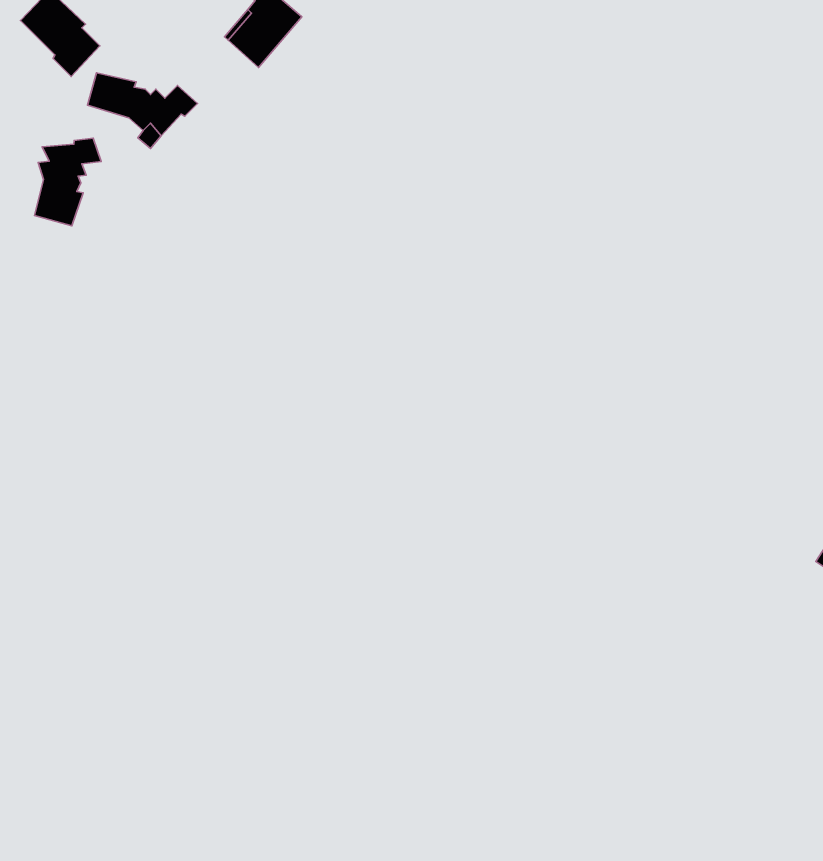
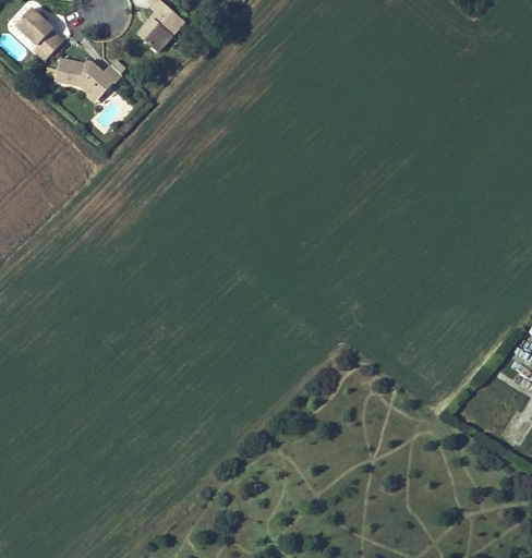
building: [35,138,101,226] -> none

